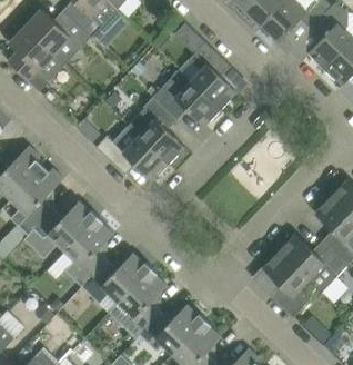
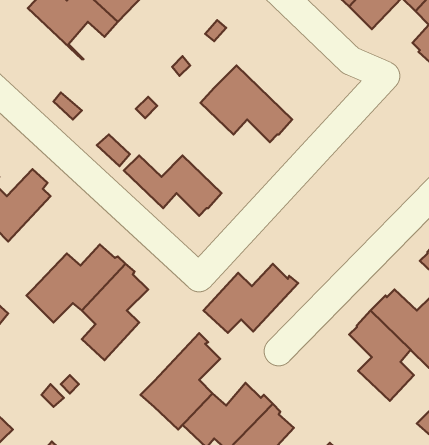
building: [9,27,64,91] -> none
building: [179,42,235,109] -> none
building: [128,97,183,164] -> none
building: [10,166,62,235] -> none
building: [81,253,151,304] -> [204,264,298,333]

